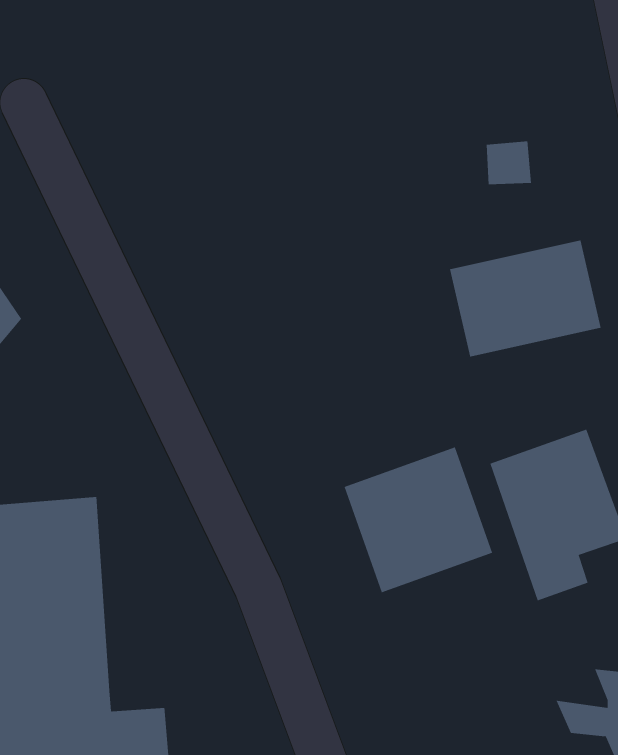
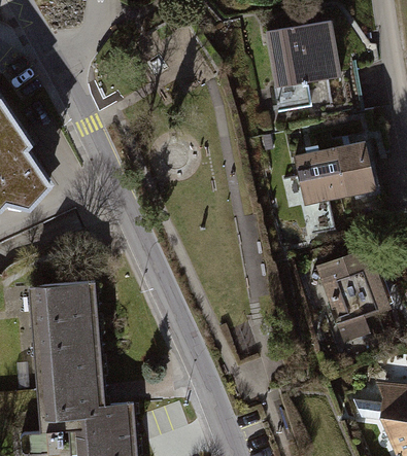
building: none -> [264,20,341,110]
building: [344,447,493,593] -> none

